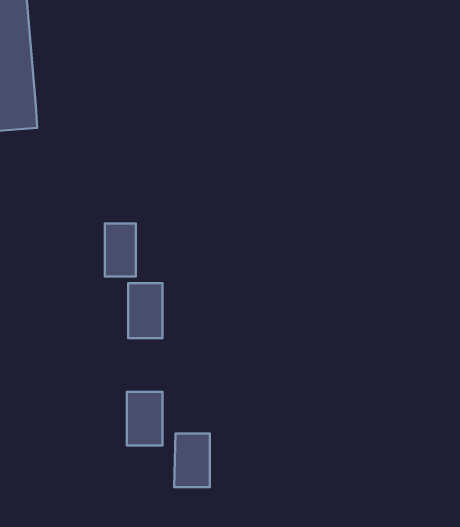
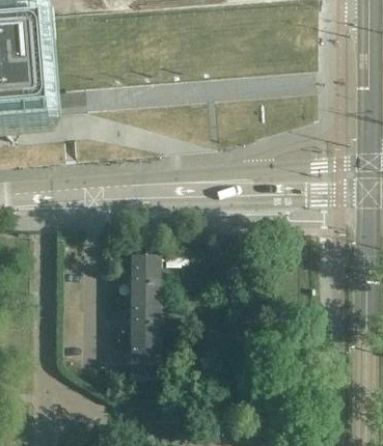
building: [105,224,136,276] -> none
building: [174,434,210,487] -> [128,286,155,327]

